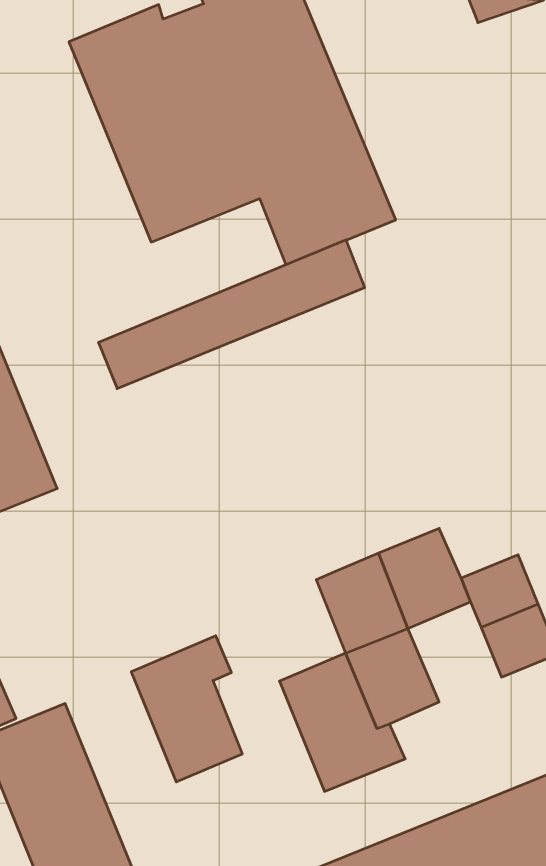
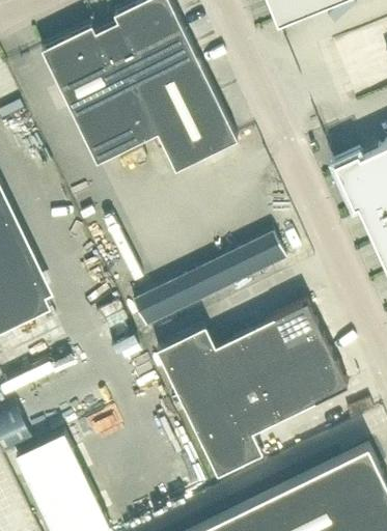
building: [98,240,365,389] -> [133,233,285,328]
building: none -> [274,303,321,346]
building: none -> [259,360,315,419]
building: [131,636,242,782] -> [157,327,224,413]

